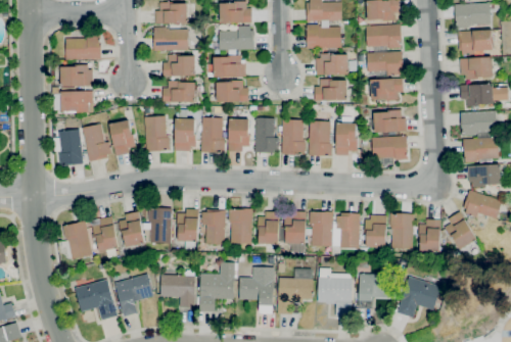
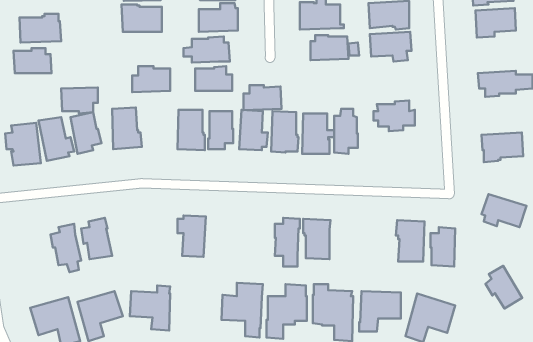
building: [162,55,195,77] -> none
building: [460,57,493,80] -> none
building: [370,79,403,101] -> none
building: [315,80,347,101] -> [244,85,282,110]
building: [61,91,93,113] -> [61,87,98,113]
building: [461,111,497,137] -> none
building: [174,118,196,152] -> none
building: [372,137,407,160] -> none
building: [467,164,501,188] -> none
building: [143,208,172,244] -> none
building: [177,209,198,250] -> none
building: [229,209,252,245] -> none
building: [258,212,280,252] -> none
building: [445,212,476,249] -> [485,266,522,309]
building: [332,213,360,249] -> none
building: [365,215,386,248] -> none
building: [61,221,92,259] -> none
building: [199,262,235,312] -> none

